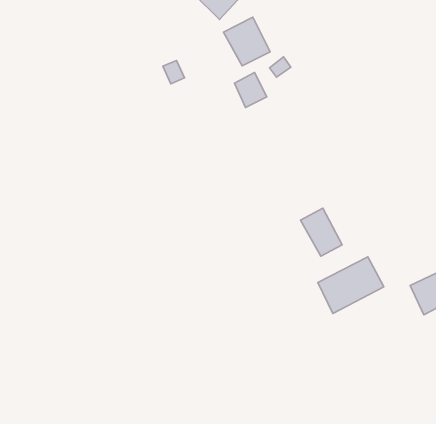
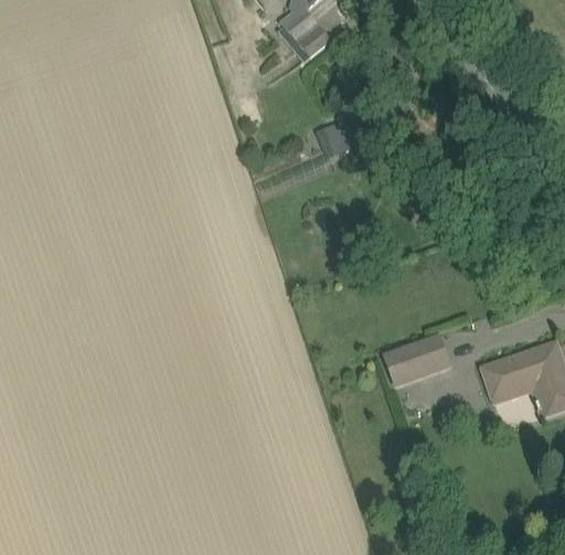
building: [223,17,270,66] -> none
building: [300,208,342,256] -> none

